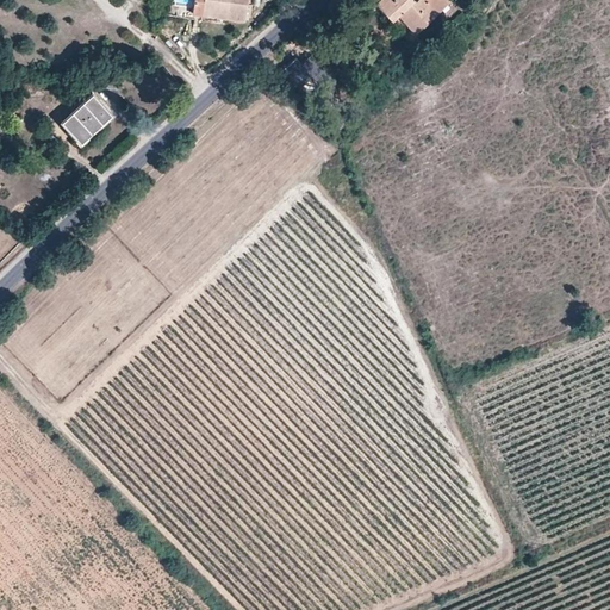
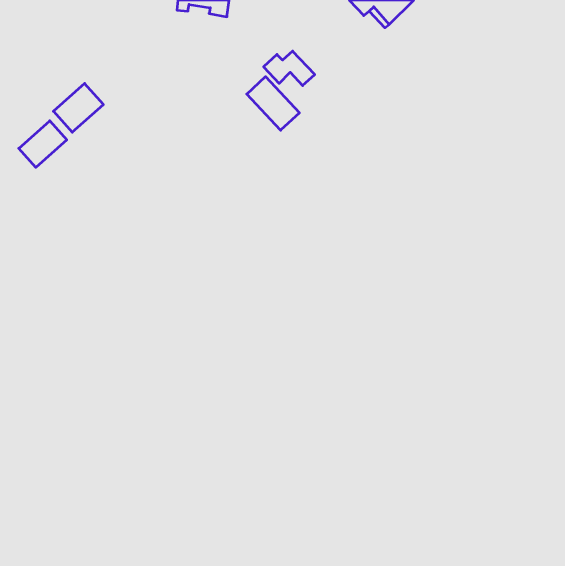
building: none -> [247,77,299,130]
building: none -> [19,121,67,167]

